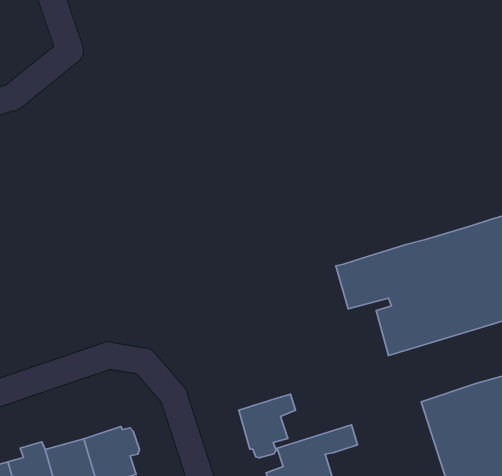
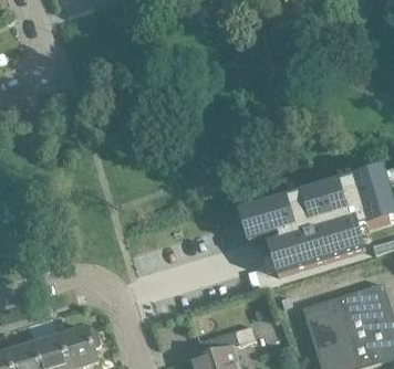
building: [239,394,296,458] -> none

